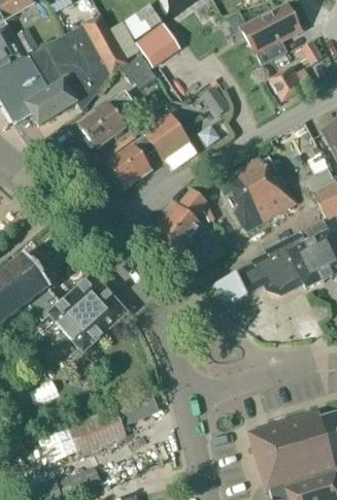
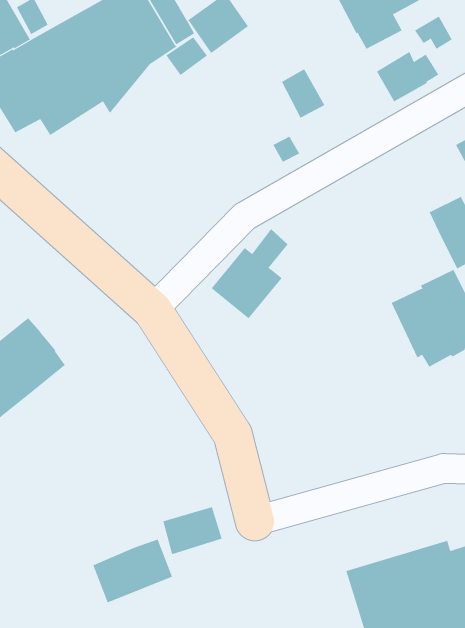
building: [77,91,132,148] -> none
building: [106,112,189,187] -> none
building: [217,156,294,231] -> none
building: [213,242,302,298] -> none
building: [28,273,126,352] -> none

